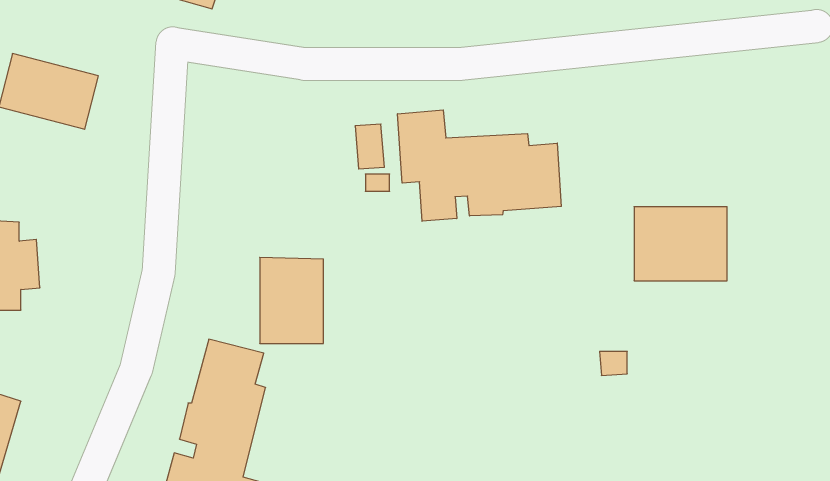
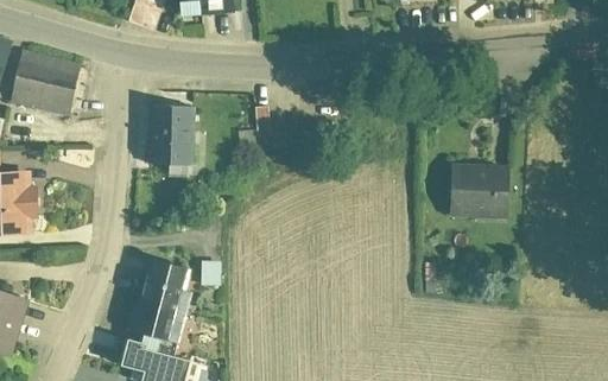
building: [398,110,561,221] -> none
building: [260,257,323,343] -> [146,104,190,164]

